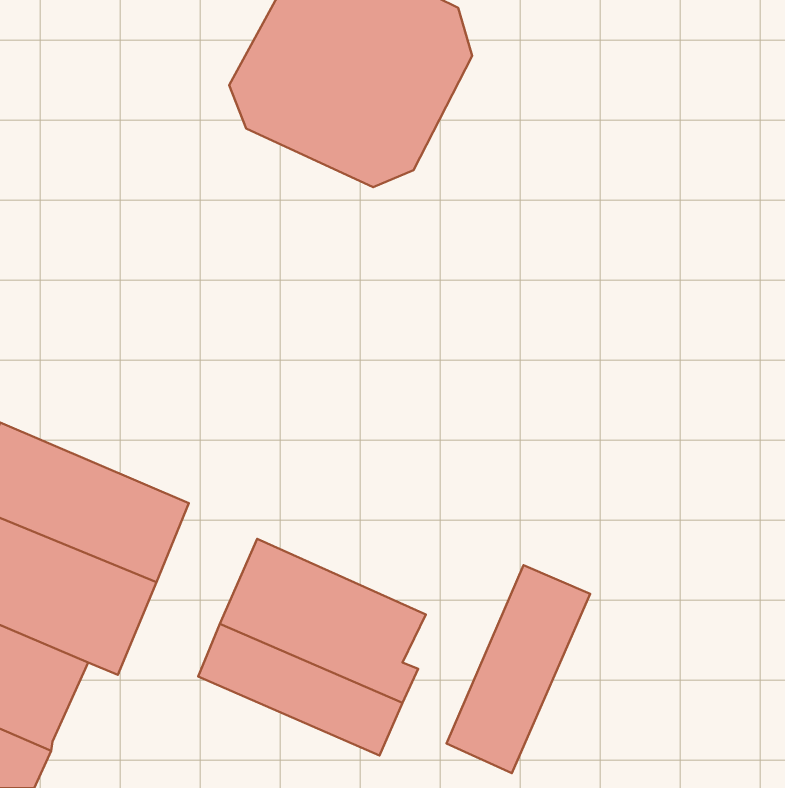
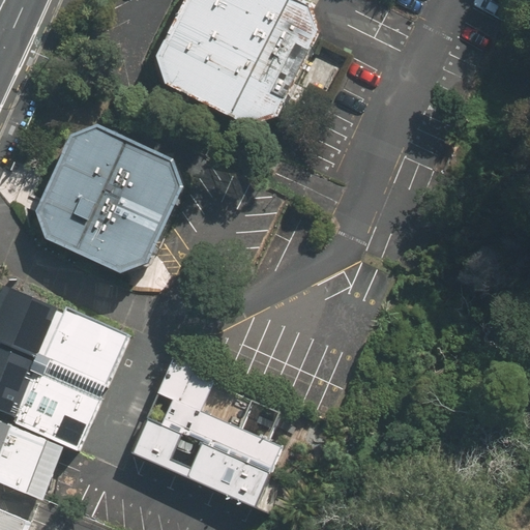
building: none -> [33,129,183,274]
building: [447,565,590,773] -> none

